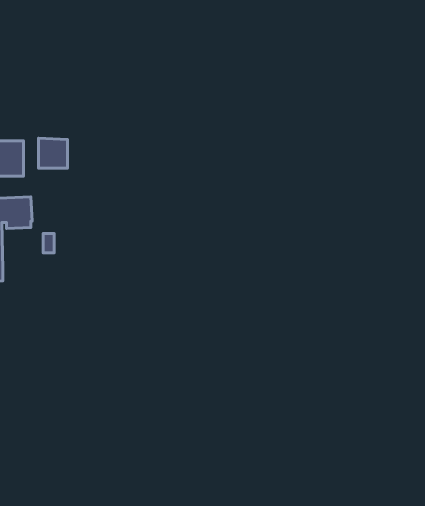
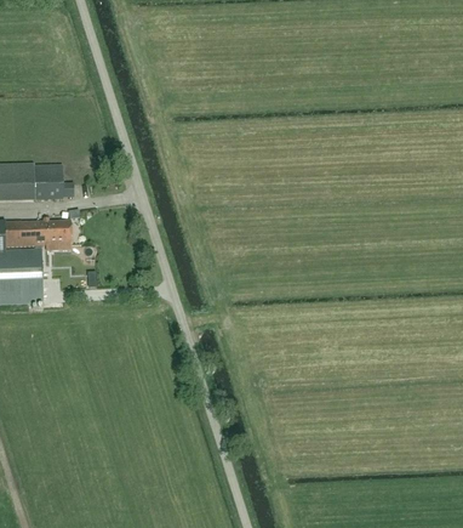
building: [38,138,68,168] -> none

